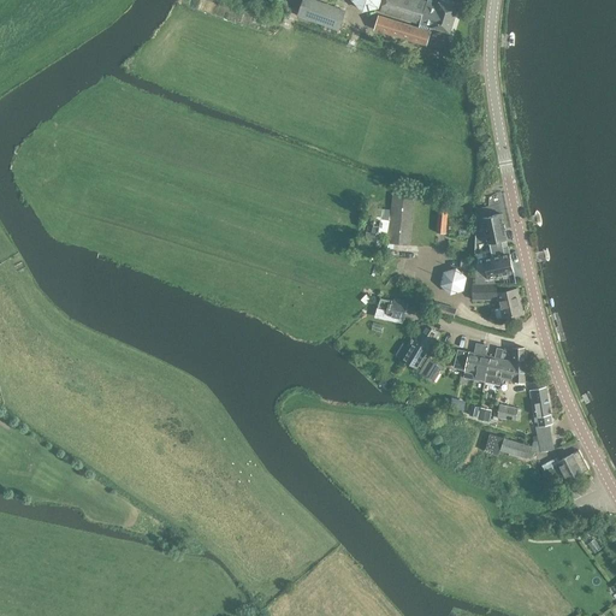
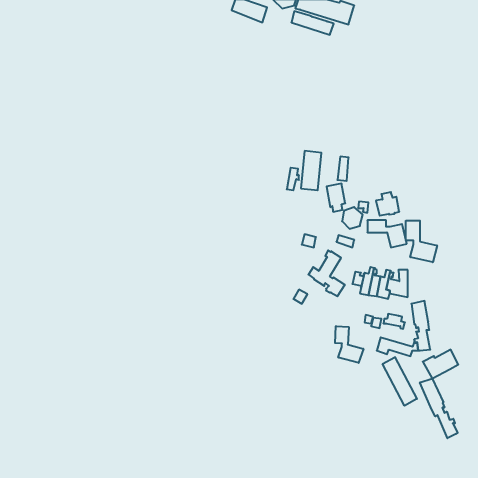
building: [481,213,505,249] -> [327,184,345,212]
building: none -> [406,221,437,262]
building: none -> [335,326,363,363]
building: none -> [383,357,417,406]
building: none -> [420,379,458,438]

